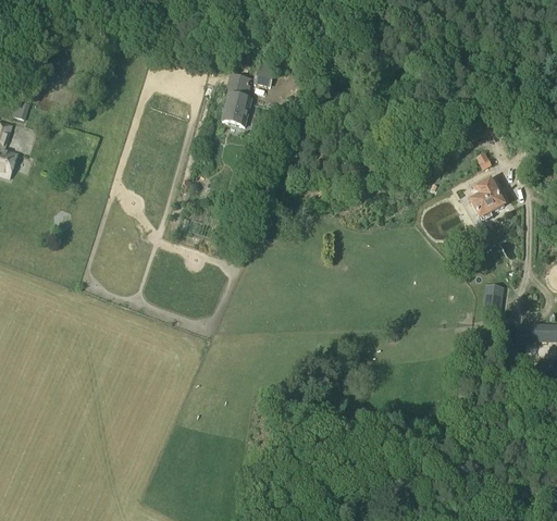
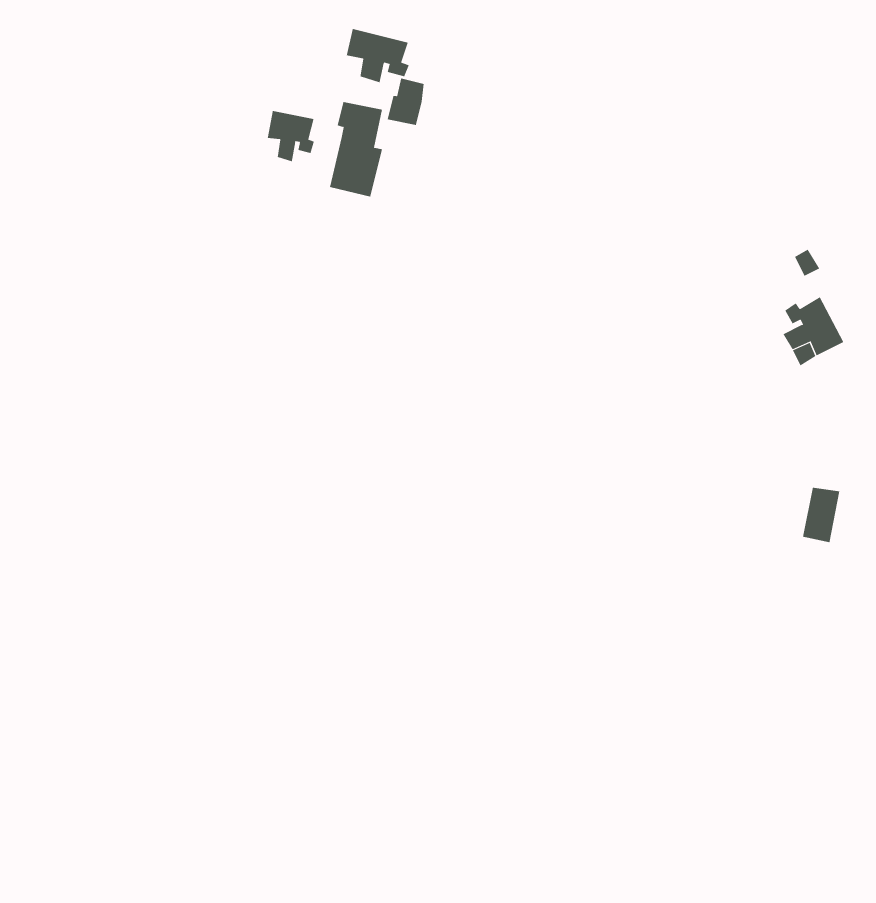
building: none -> [346,28,409,83]
building: none -> [267,110,315,162]

